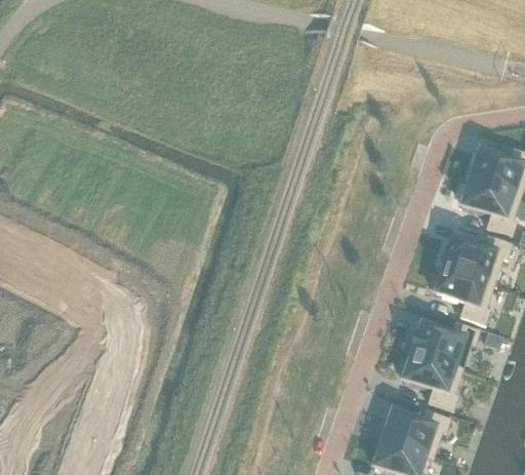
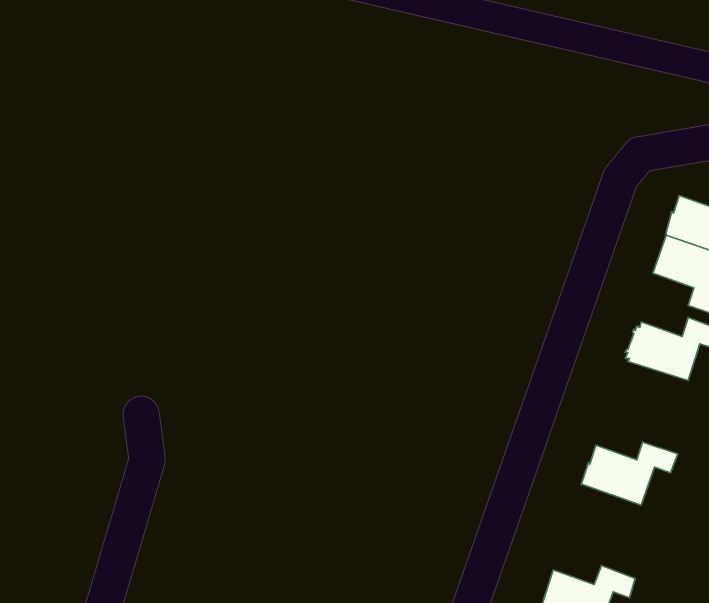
building: [435,263,489,320] -> none
building: [403,349,457,406] -> none

